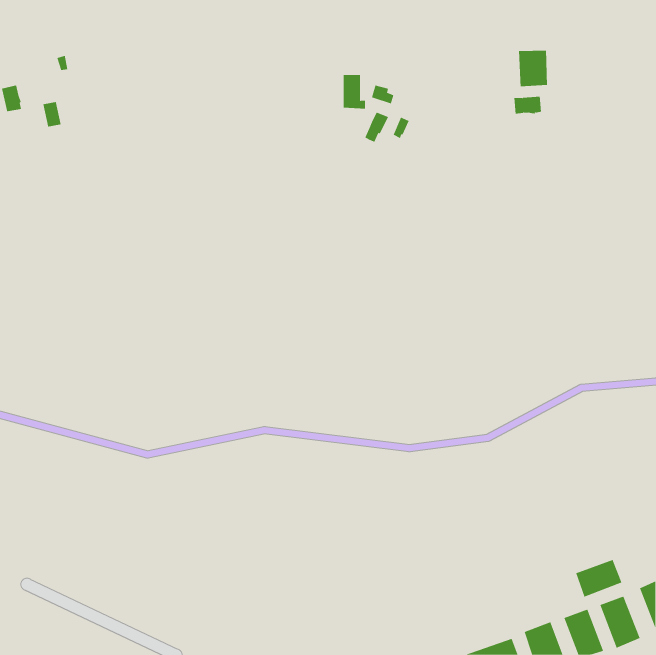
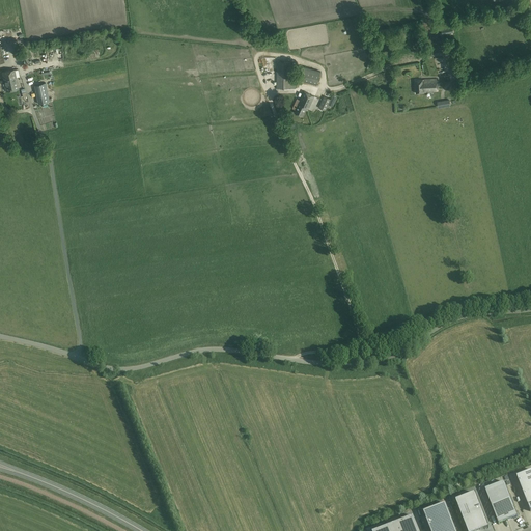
building: [518,50,548,87] -> none
building: [576,559,622,597] -> none

